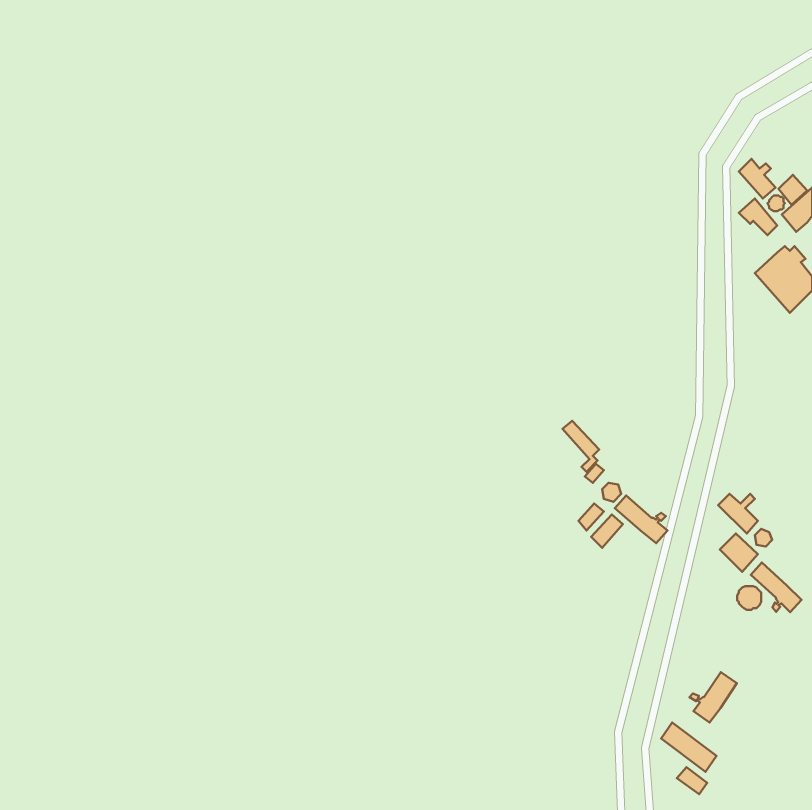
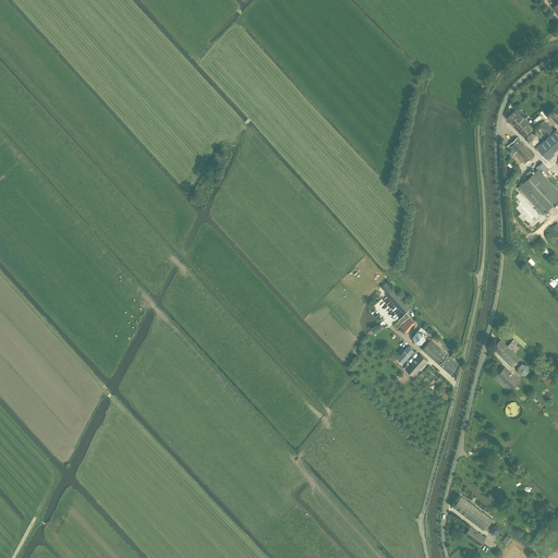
building: [751,563,801,612] -> none
building: [689,672,737,723] -> none

